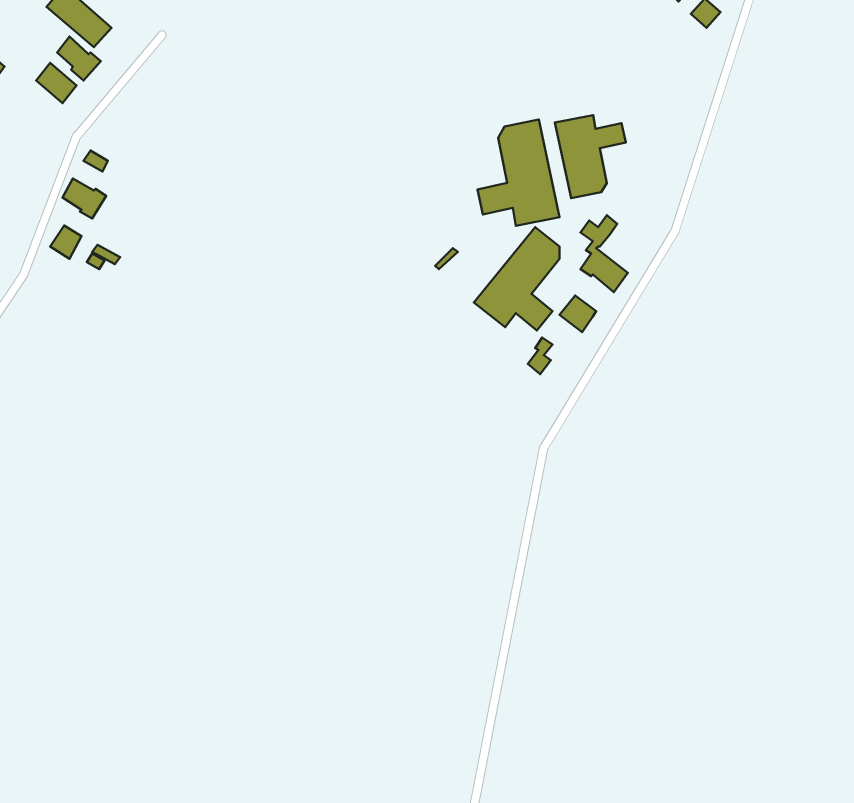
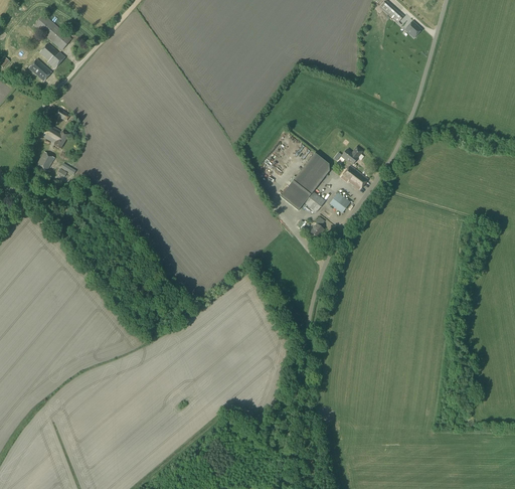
building: [555,115,626,198] -> none
building: [477,120,560,226] -> none

